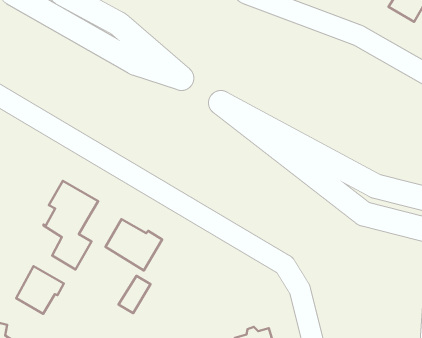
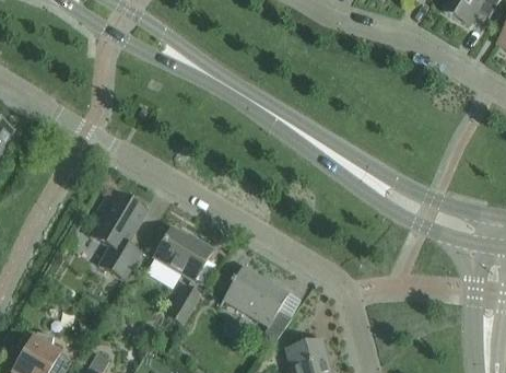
building: none -> [224,264,292,339]
building: [16,266,64,314] -> none

